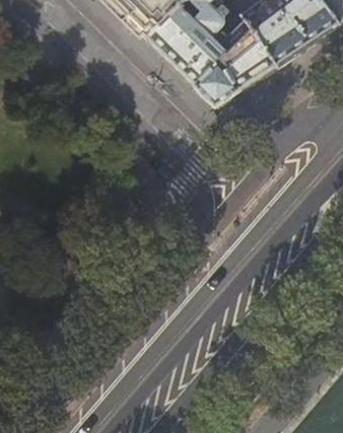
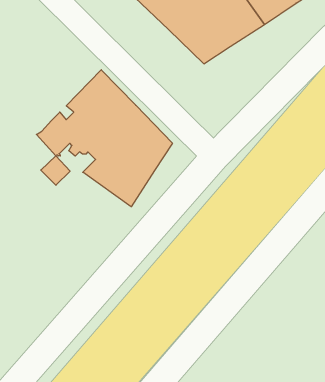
building: none -> [36,70,172,207]

